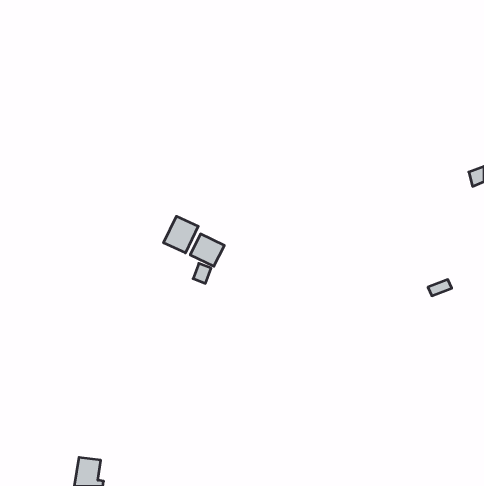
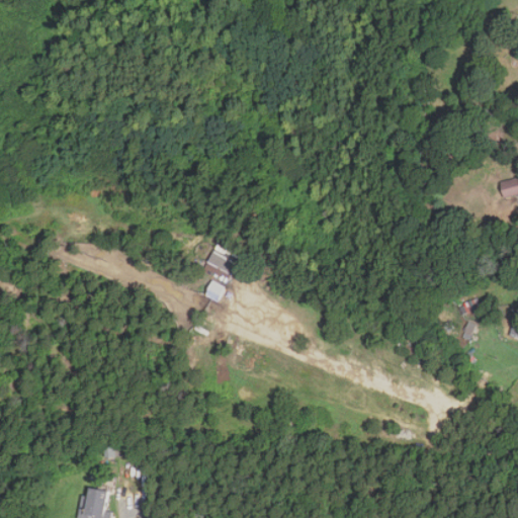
building: [164,216,198,253] -> none

